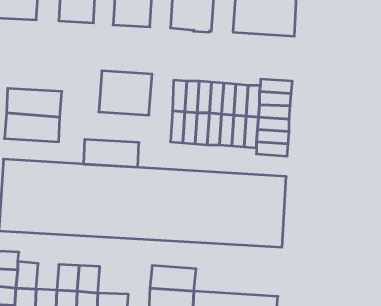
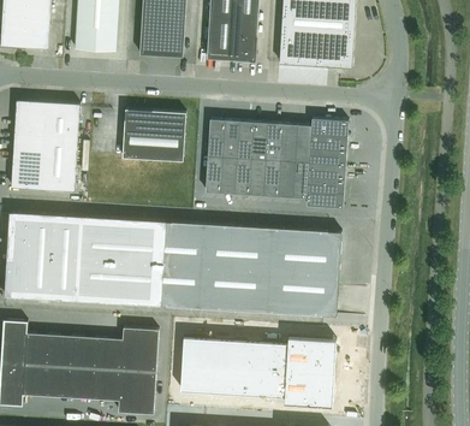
building: [84,139,139,167] -> [14,100,79,132]
building: none -> [120,327,159,371]
building: none -> [48,335,75,366]
building: none -> [233,337,335,373]

